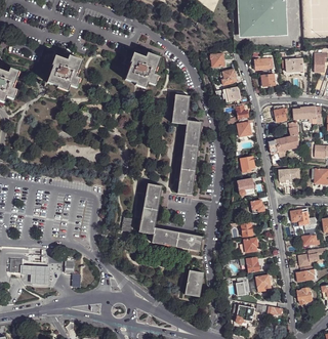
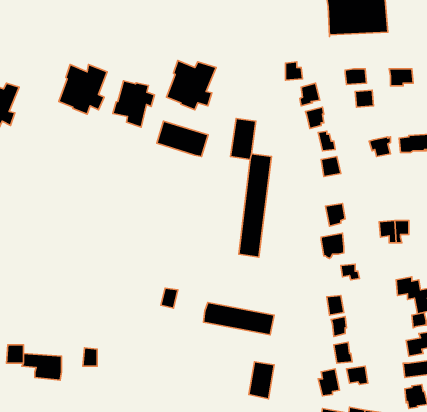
building: none -> [113,81,155,127]
building: none -> [157,121,208,157]
building: [268,121,298,154] -> none
building: [137,186,161,234] -> none

